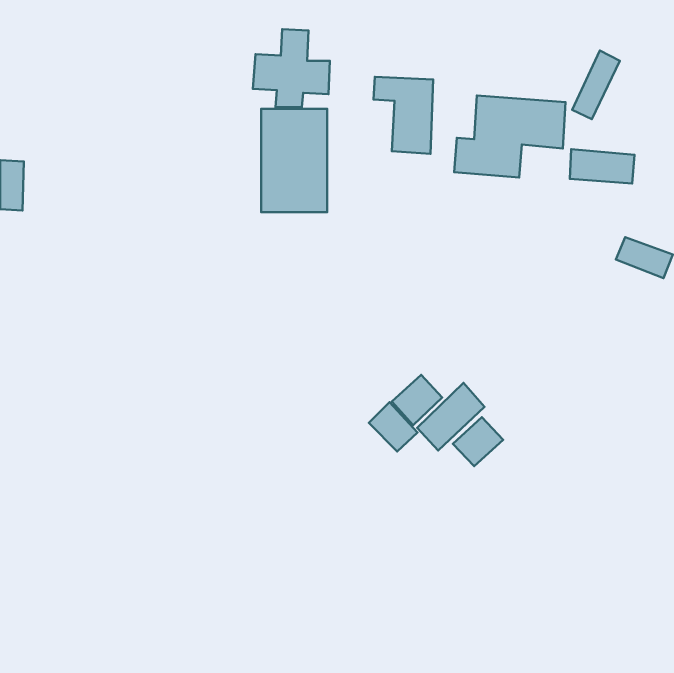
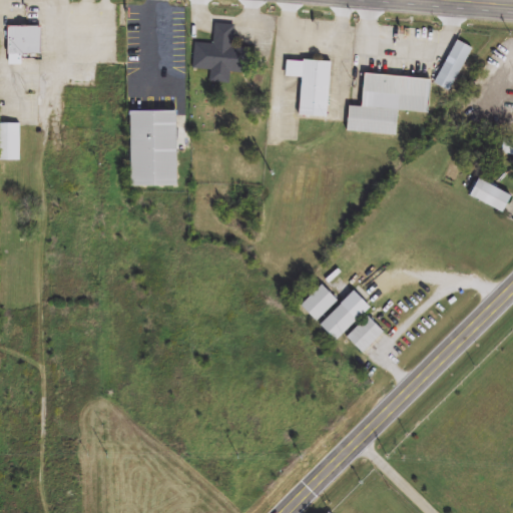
building: none -> [8,22,44,60]
building: [261,109,327,212] -> [130,105,180,183]
building: [570,149,634,183] -> none
building: [369,402,417,452] -> none

